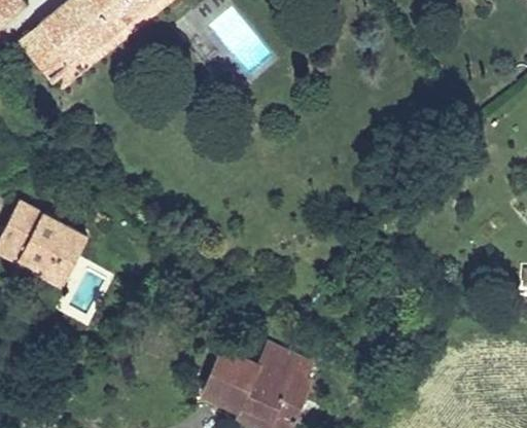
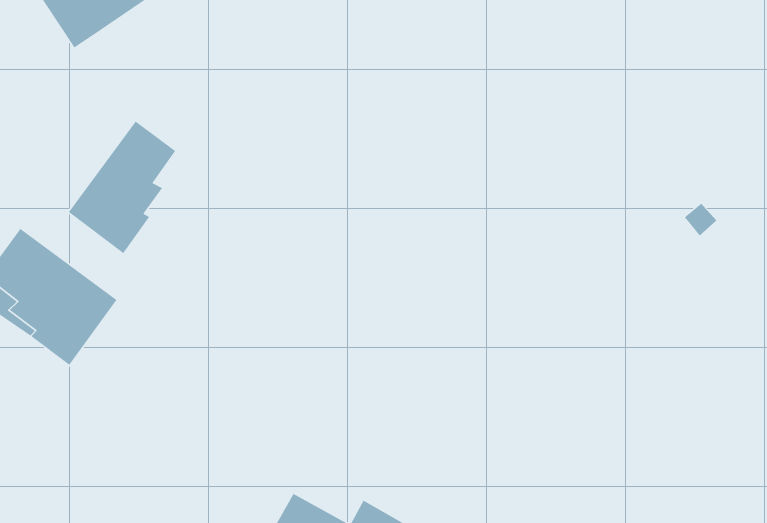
building: none -> [68,121,176,254]

